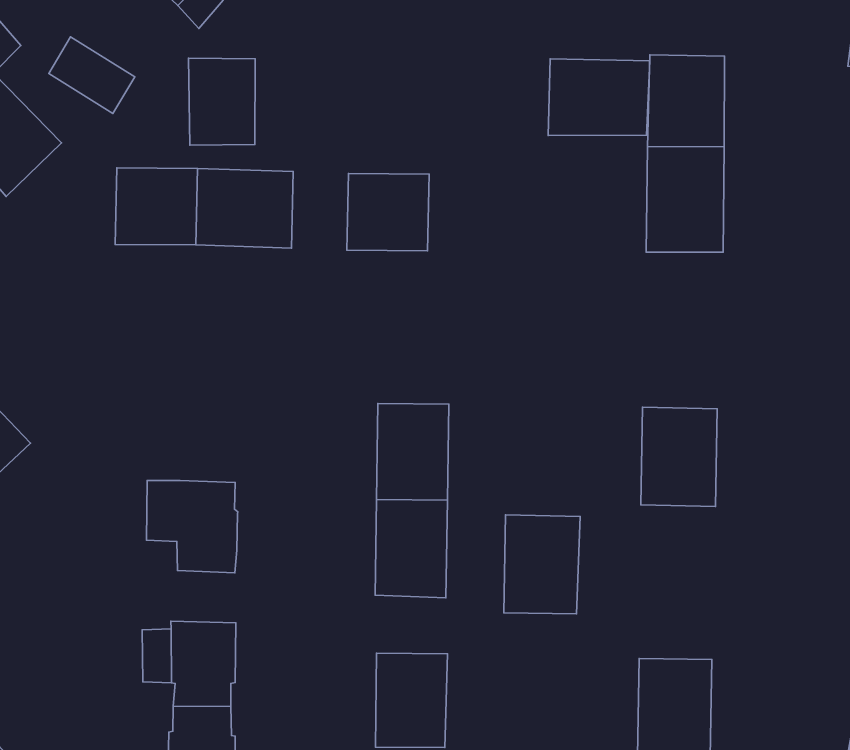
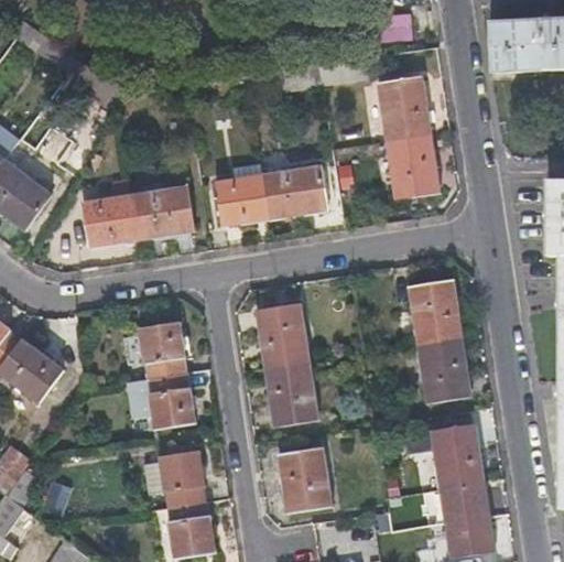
building: [188,58,255,145] -> none
building: [548,59,650,136] -> [263,166,326,219]
building: none -> [142,323,183,376]
building: [504,515,580,614] -> [417,337,468,400]

